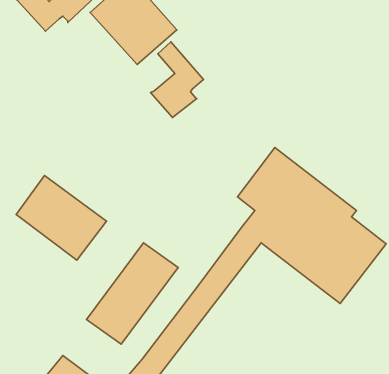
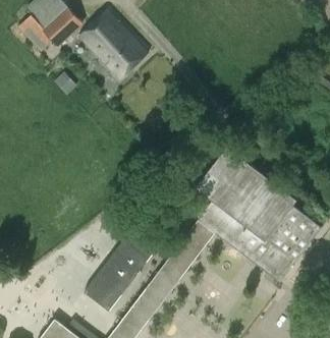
building: [150,42,204,118] -> none
building: [16,175,107,260] -> none

